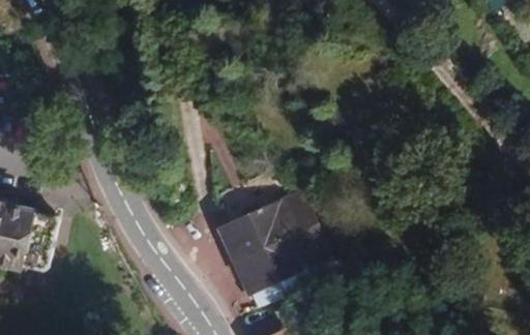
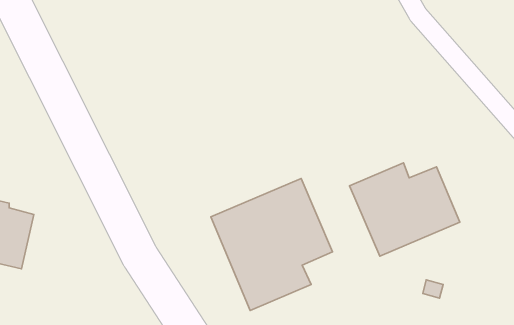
building: none -> [350,163,460,256]

